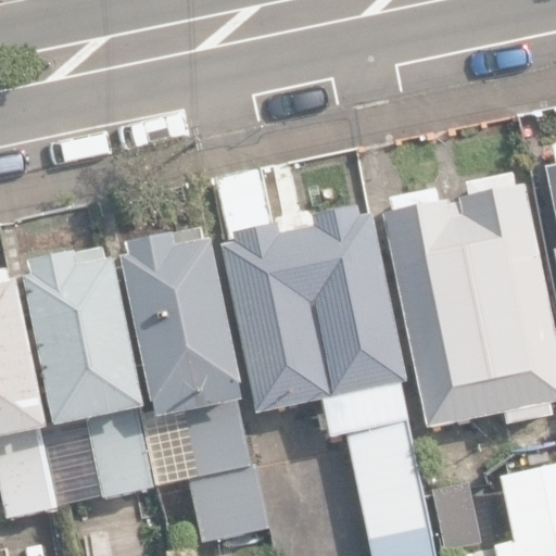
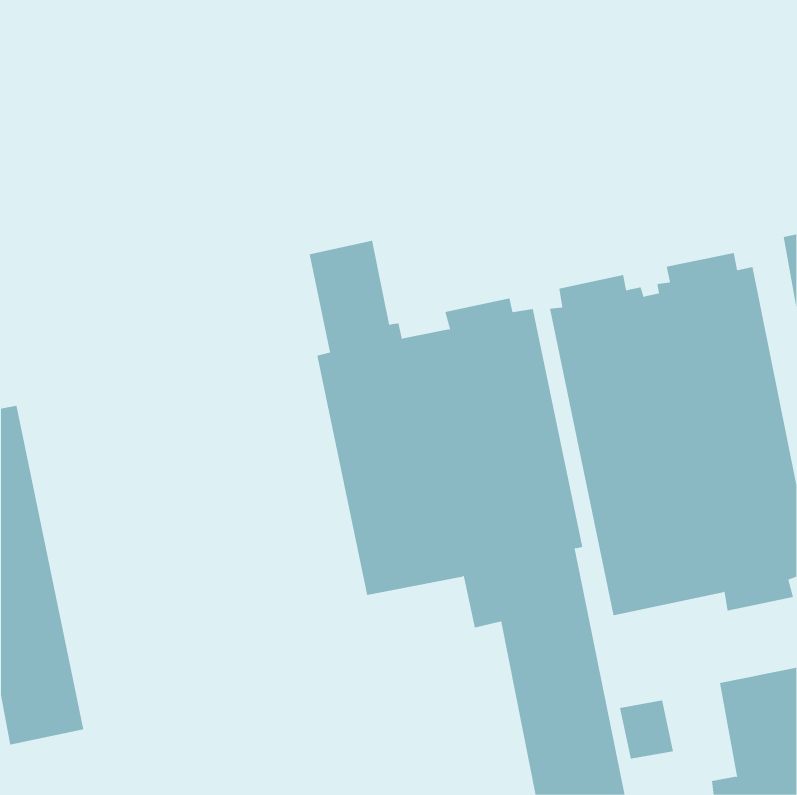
building: [121,227,267,543] -> none
building: [23,254,154,500] -> none

